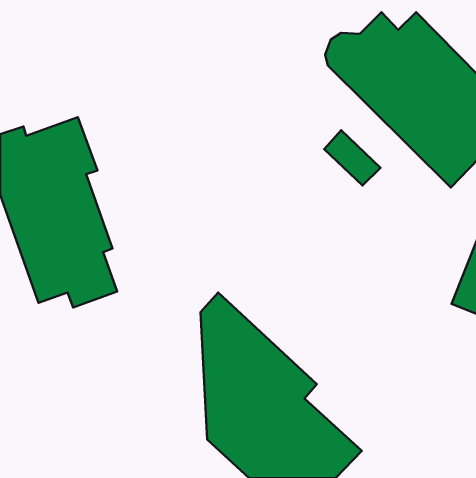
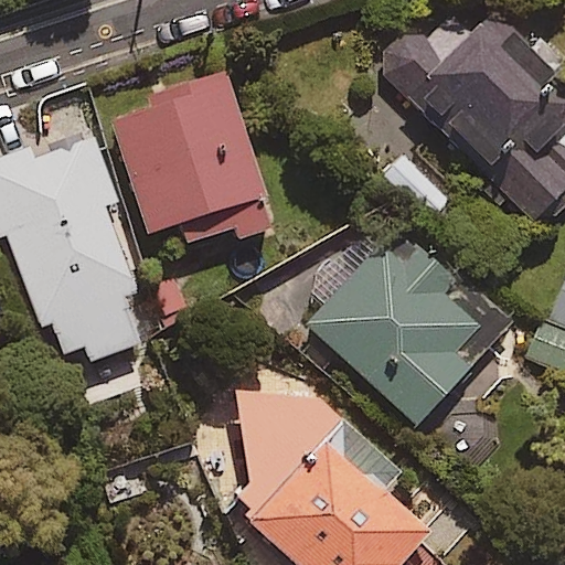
building: none -> [113,70,276,242]
building: none -> [308,225,509,425]

